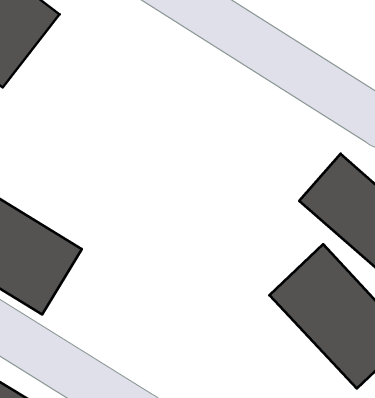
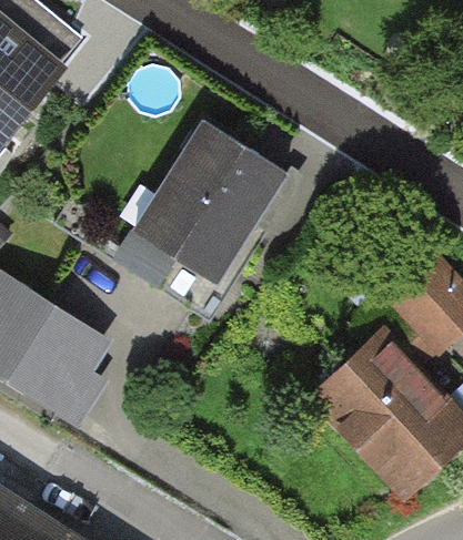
building: none -> [137,114,295,279]

